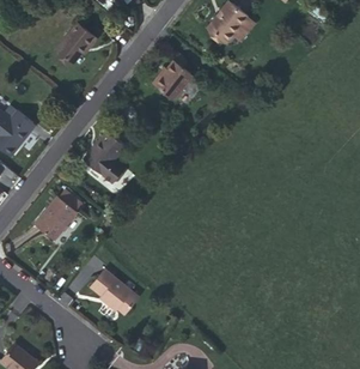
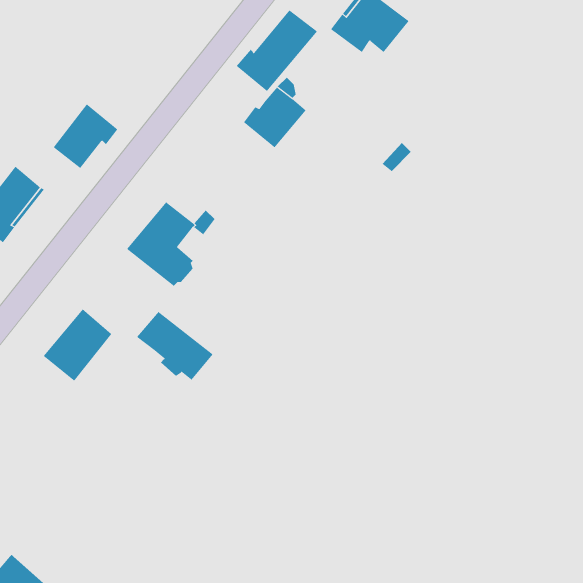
building: none -> [236,9,318,92]
building: [55,23,94,62] -> [53,104,118,169]
building: [90,271,136,313] -> [136,311,214,380]

